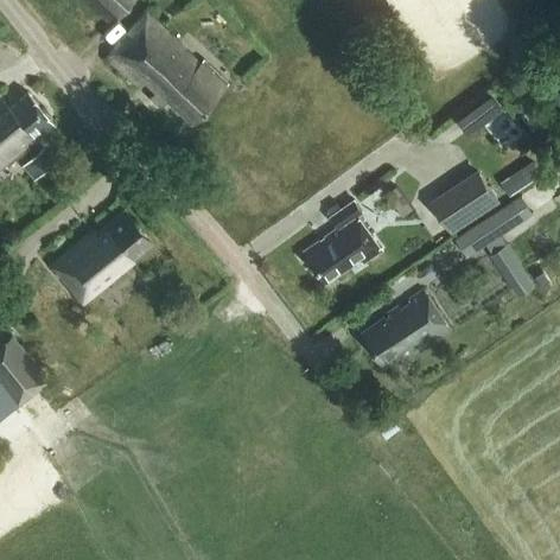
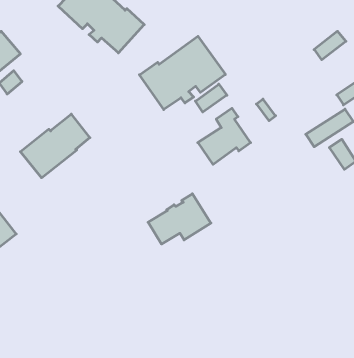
building: none -> [139,36,225,110]
building: none -> [195,84,227,112]
building: [432,174,495,233] -> none
building: [361,293,450,364] -> [148,194,211,244]

